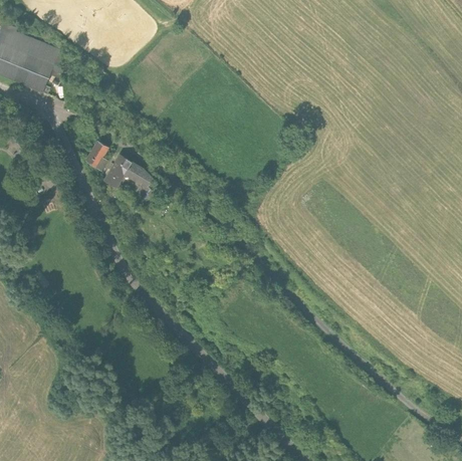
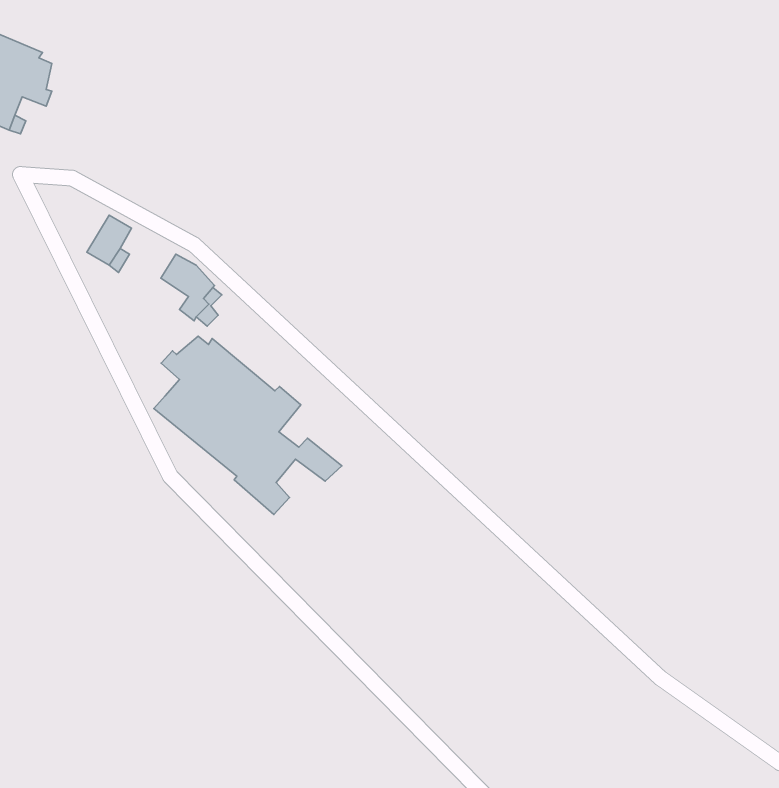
building: [102,153,133,188] -> none
building: none -> [154,336,342,515]

